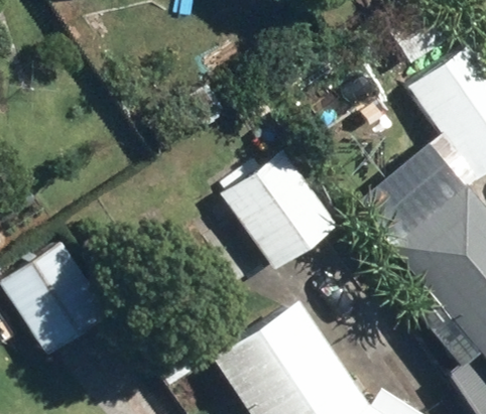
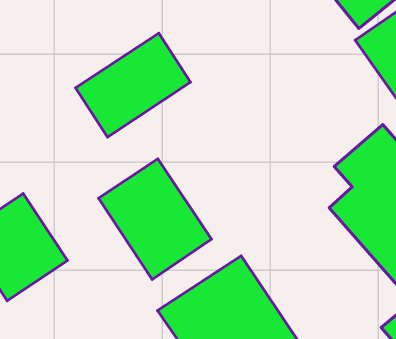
building: none -> [76,33,191,137]
building: [222,143,341,270] -> [98,159,212,280]

